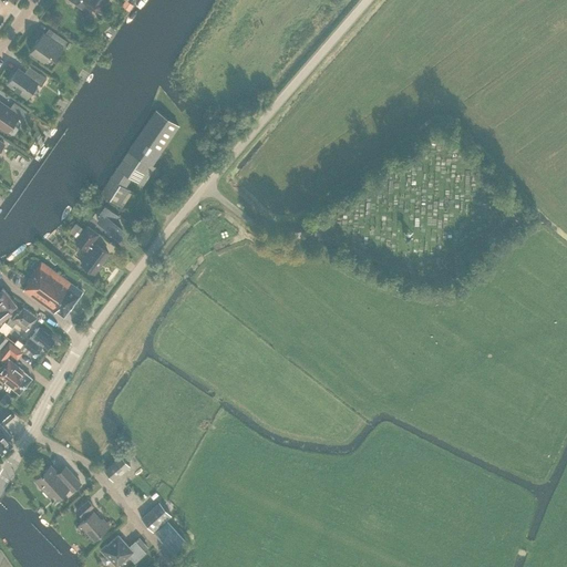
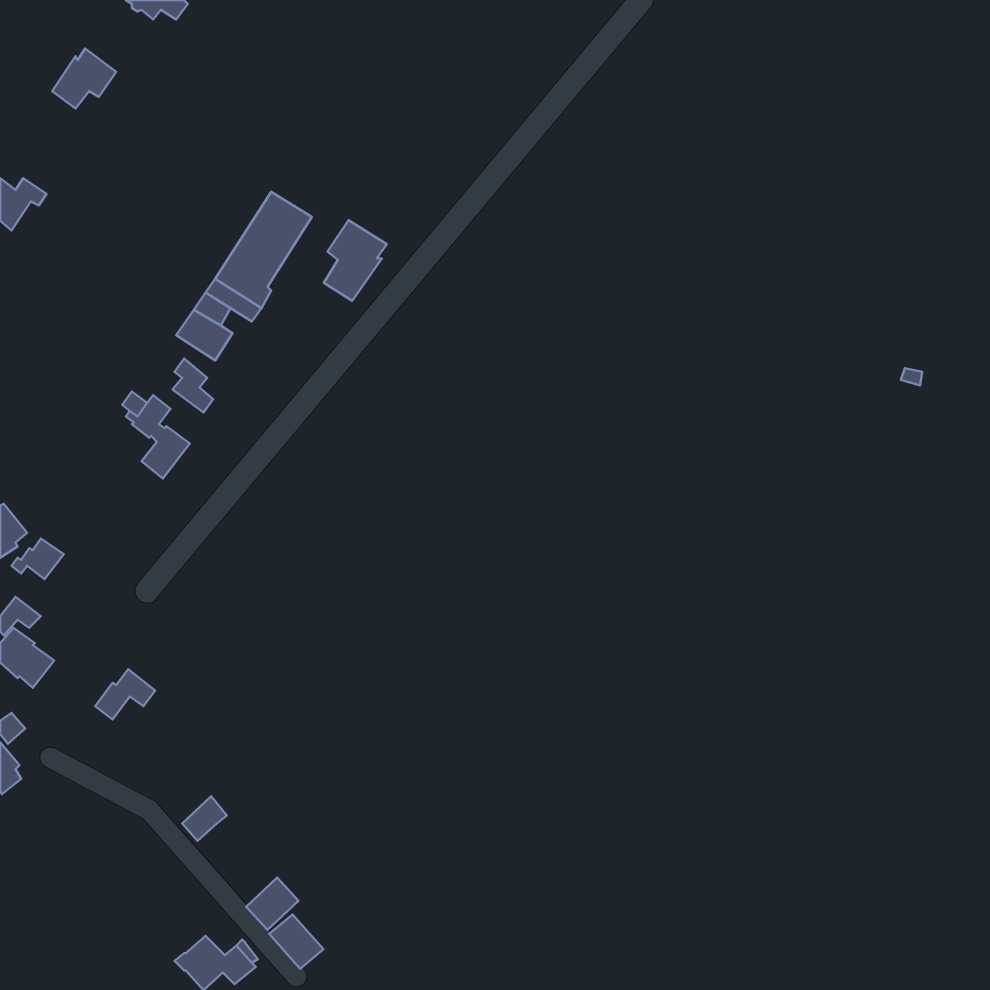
building: [8,69,47,97] -> none
building: none -> [324,220,387,301]
building: [23,261,82,317] -> none
building: [20,328,54,357] -> [95,669,155,720]
building: [34,465,80,497] -> none
building: [76,501,110,540] -> none

